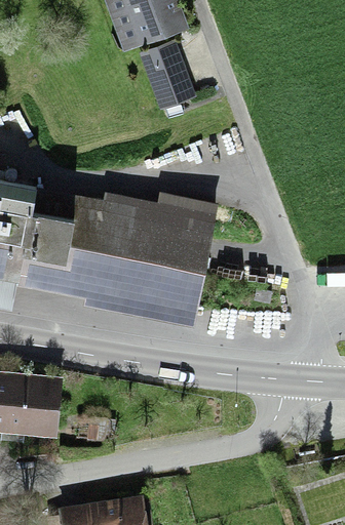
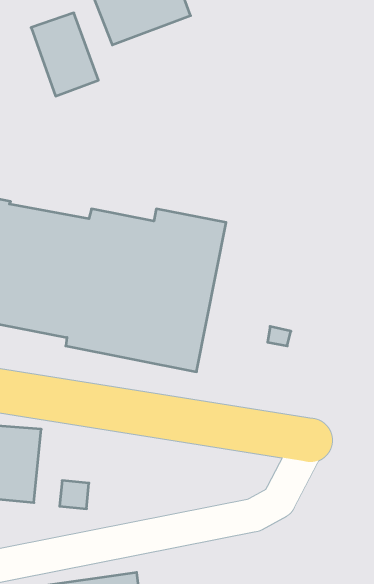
building: [139,41,195,111] -> [31,13,98,96]

